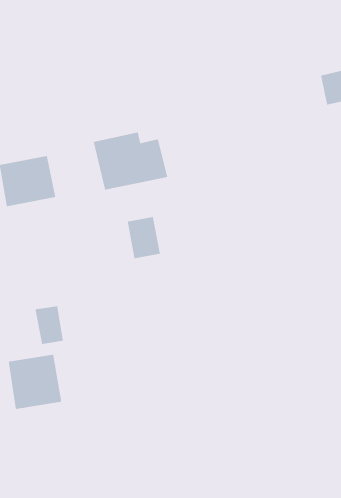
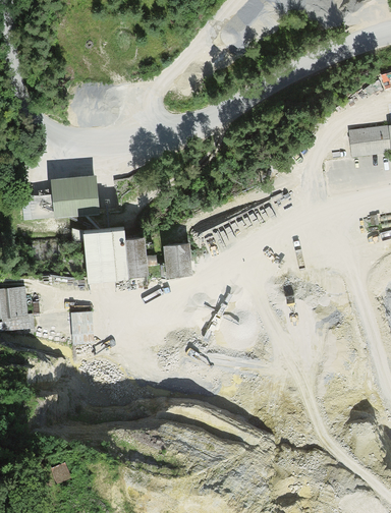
building: [93,131,168,191] -> [83,226,148,276]
building: [8,354,62,410] -> none

